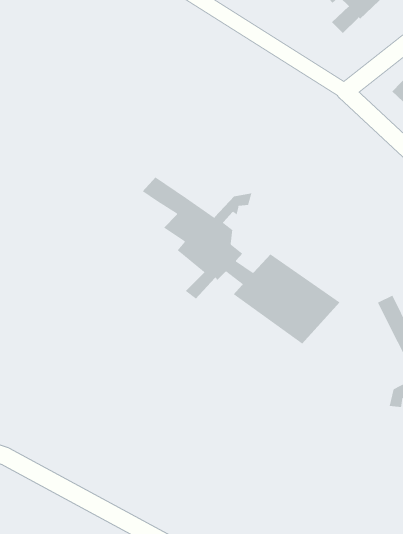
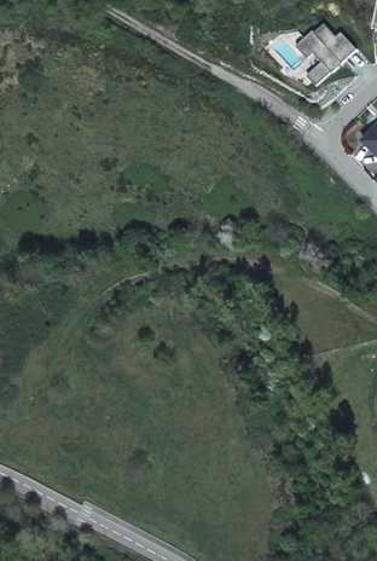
building: [142,177,341,345] -> none

